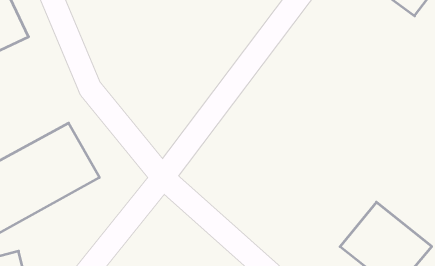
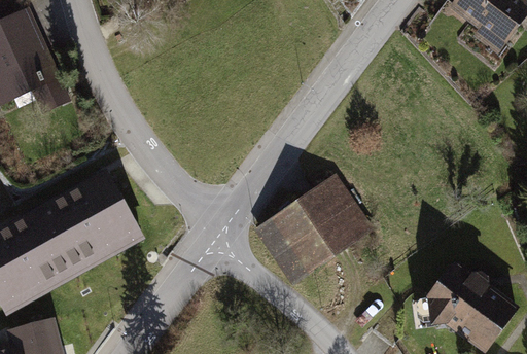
building: none -> [255,171,376,287]

